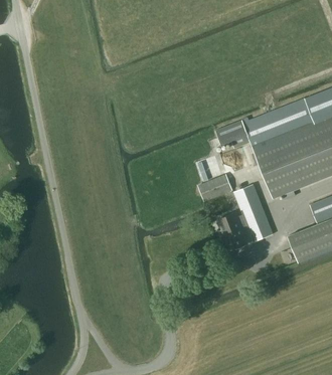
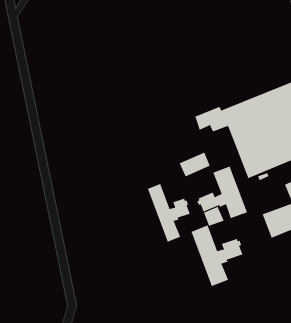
building: none -> [147,183,191,242]
building: none -> [191,225,243,287]

